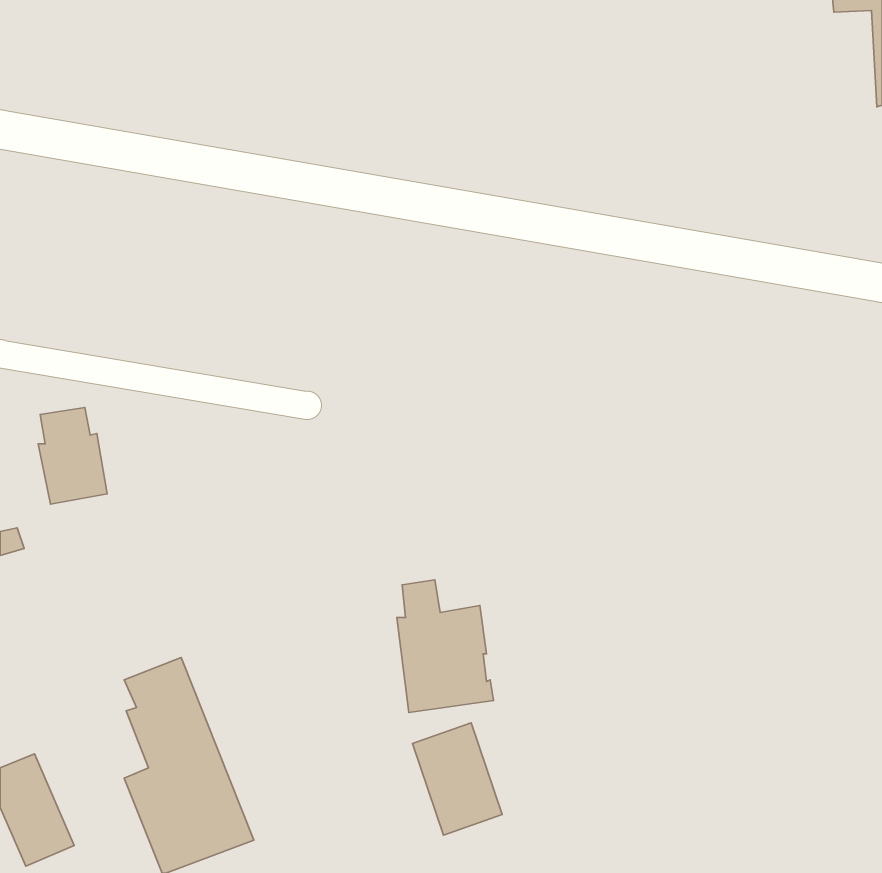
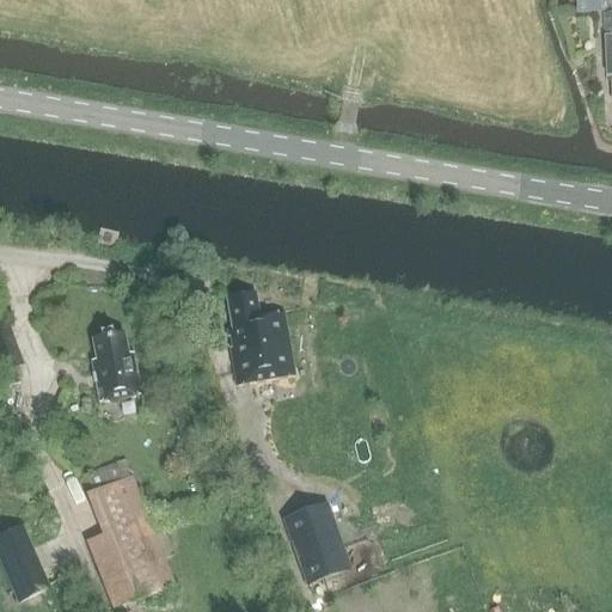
building: [38,408,107,504] -> [92,331,140,398]
building: [397,580,494,713] -> [227,290,294,382]

